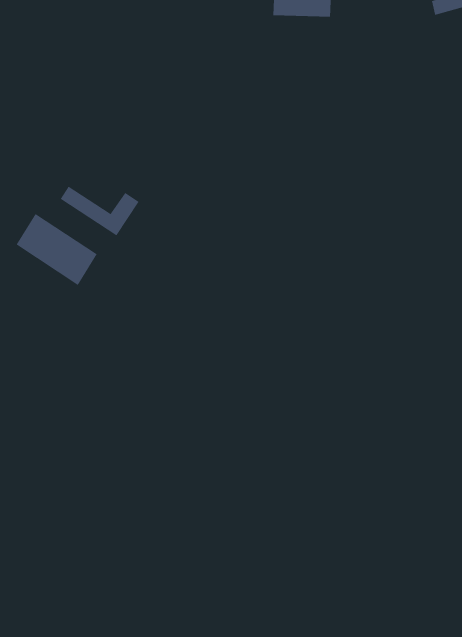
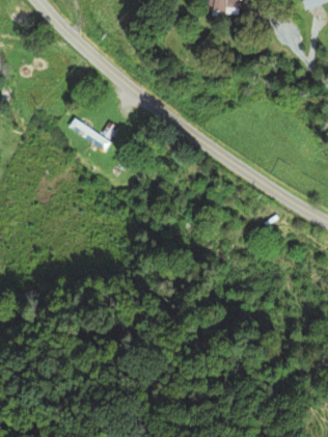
building: [16,213,98,286] -> none

